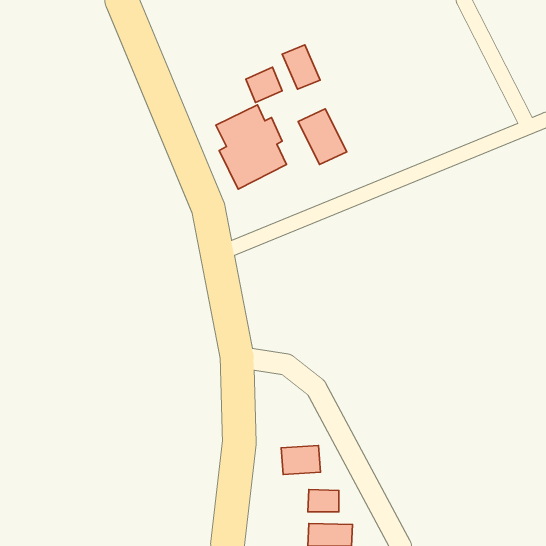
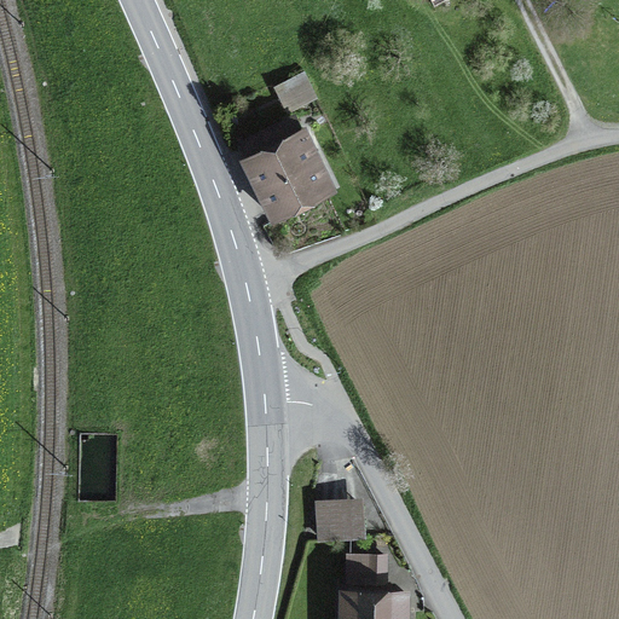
building: [282,45,320,89] -> none
building: [298,109,347,164] -> none

